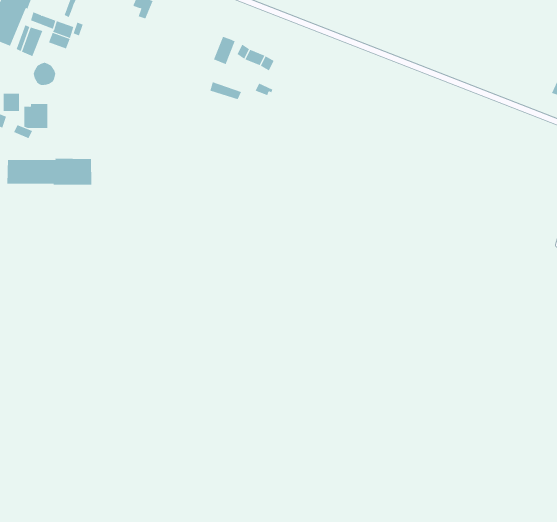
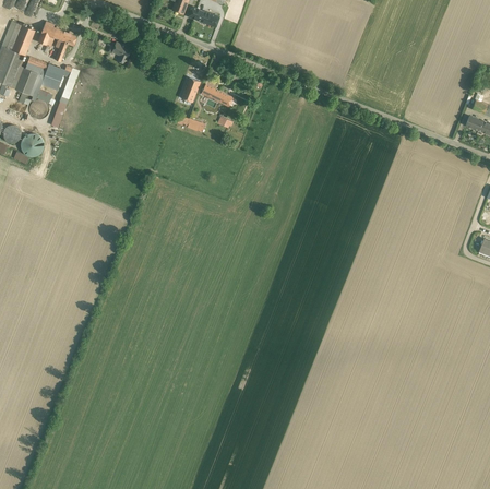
building: [7,158,92,185] -> none

